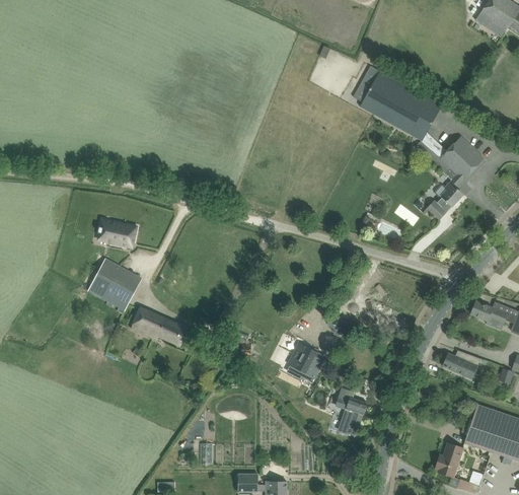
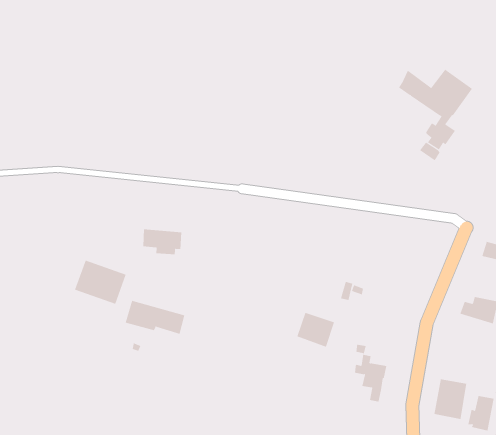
building: [353,65,442,140] -> none
building: [98,218,137,246] -> [143,229,182,255]
building: none -> [434,379,467,420]

